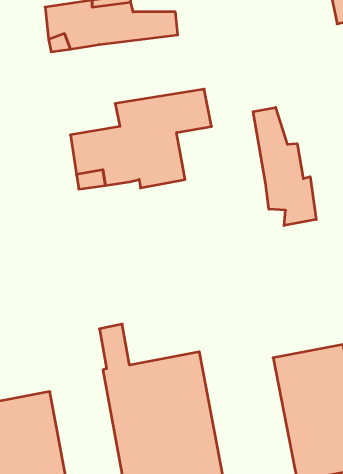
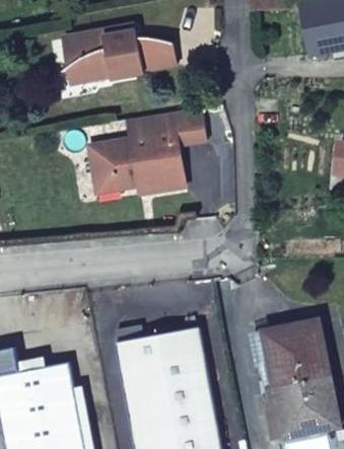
building: [253,107,316,226] -> none

